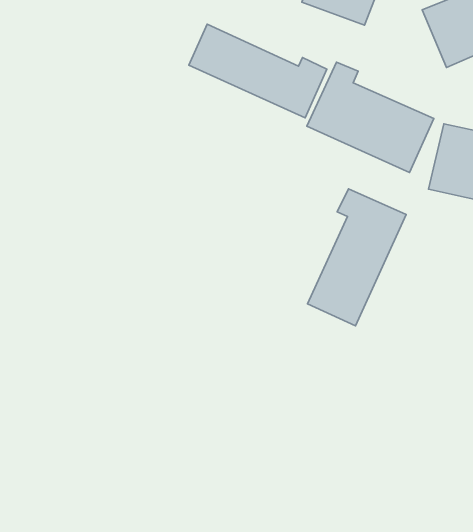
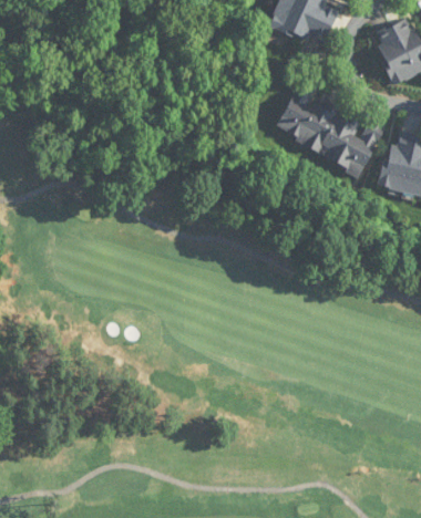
building: [189,24,327,118] -> none
building: [307,189,406,326] -> none

